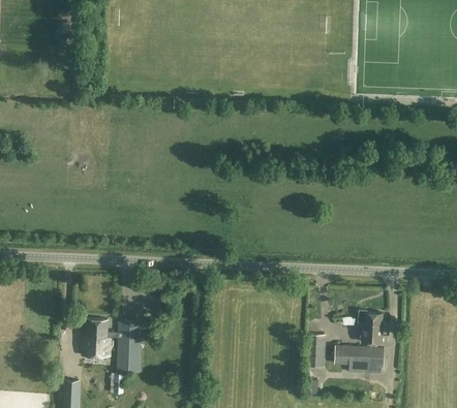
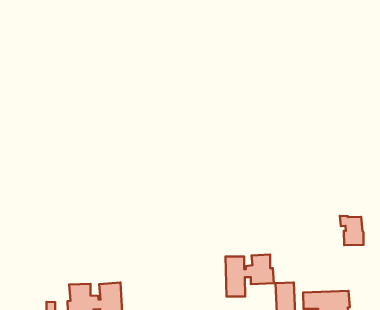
building: none -> [225,255,274,297]
building: [359,310,383,343] -> [340,216,363,245]

